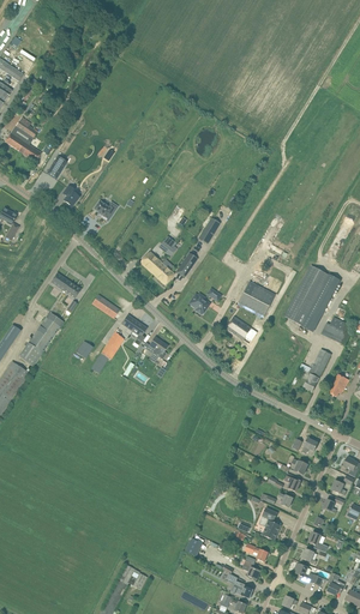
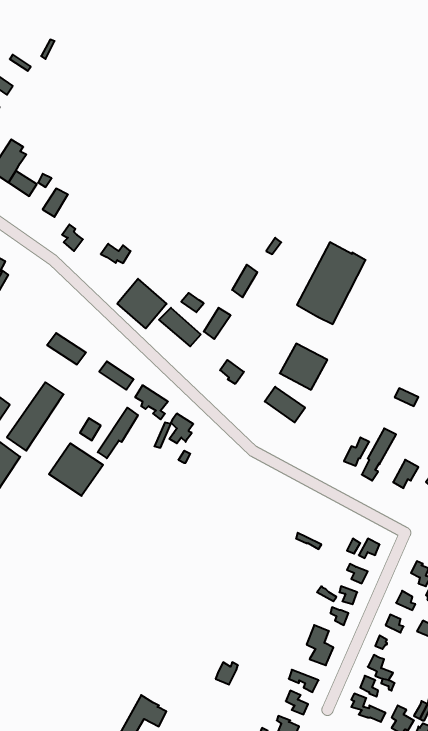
building: none -> [117,279,167,328]
building: [284,265,340,331] -> [297,242,366,324]
building: none -> [49,443,103,496]

